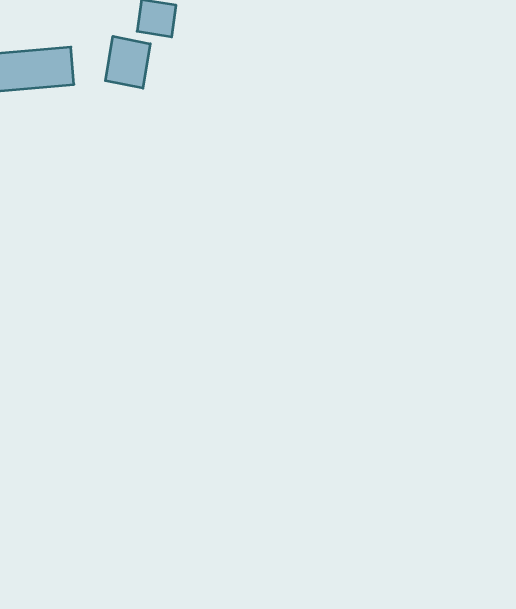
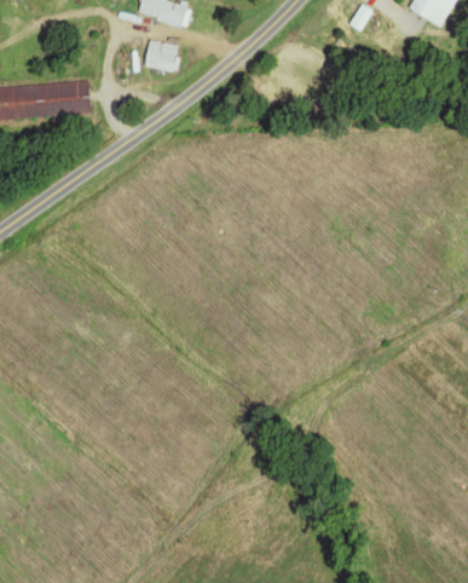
building: [105,36,150,88] -> none

